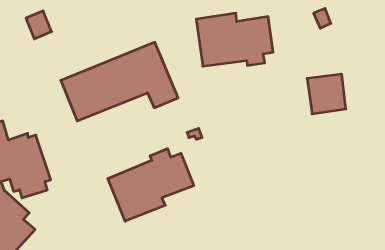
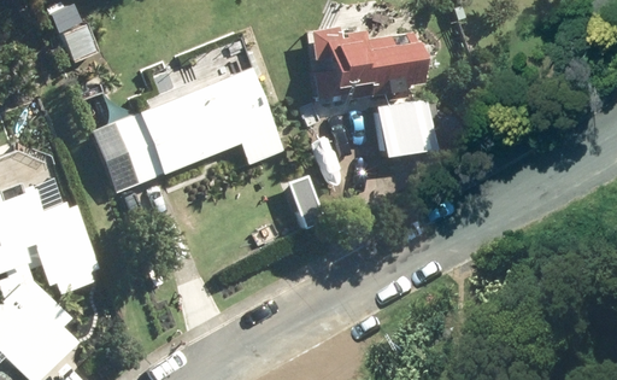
building: [307,74,346,114] -> [377,100,434,158]
building: [108,149,194,221] -> none

